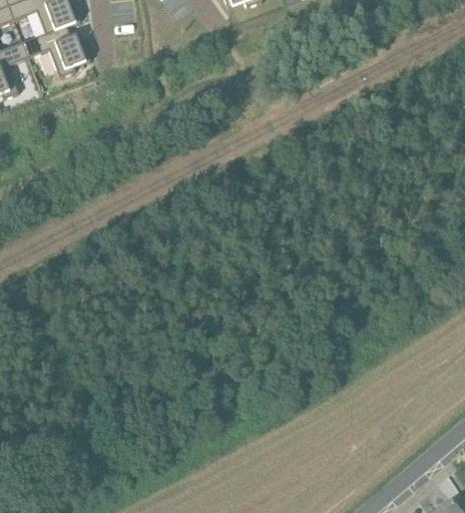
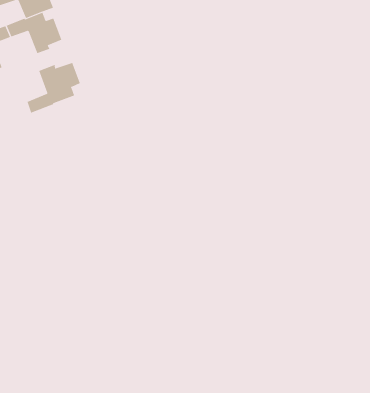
building: none -> [27,62,81,113]

